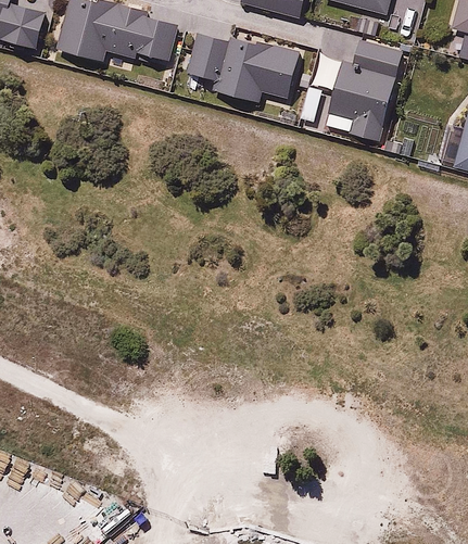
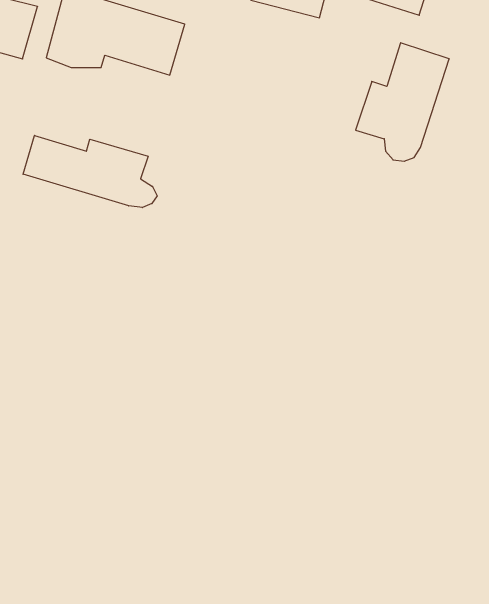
building: [186,27,301,103] -> none
building: none -> [23,135,157,208]

